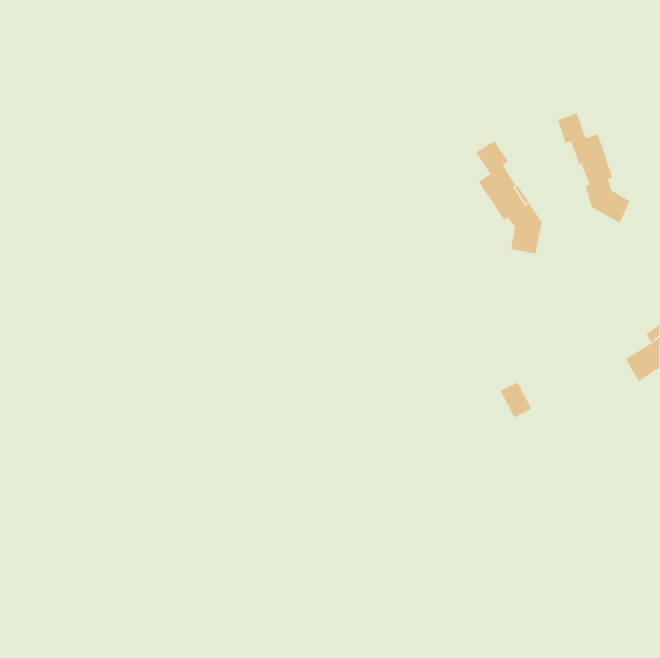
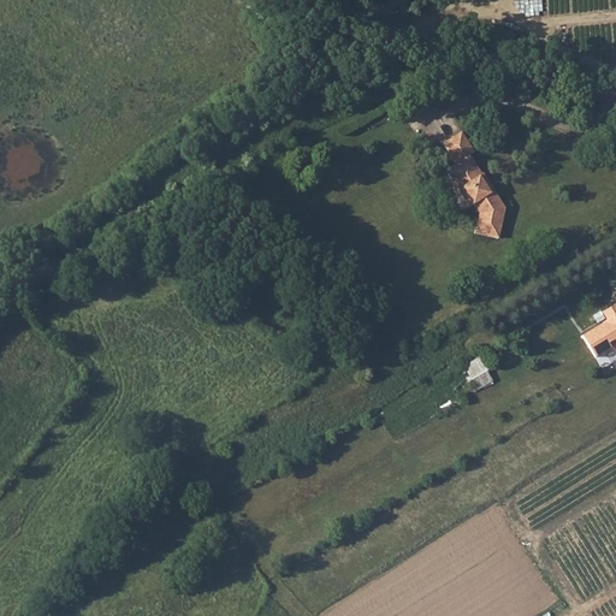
building: [558,113,630,224] -> none

